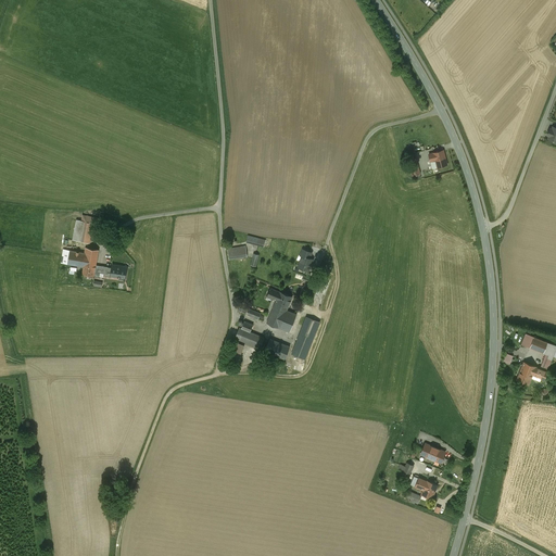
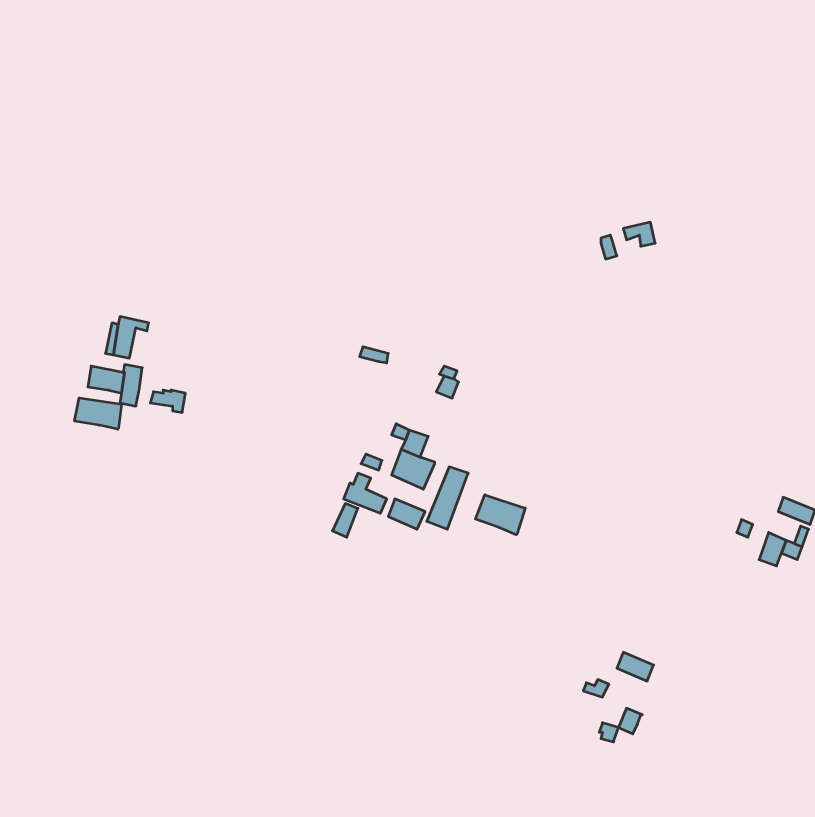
building: none -> [75,398,121,429]
building: none -> [475,495,525,535]

